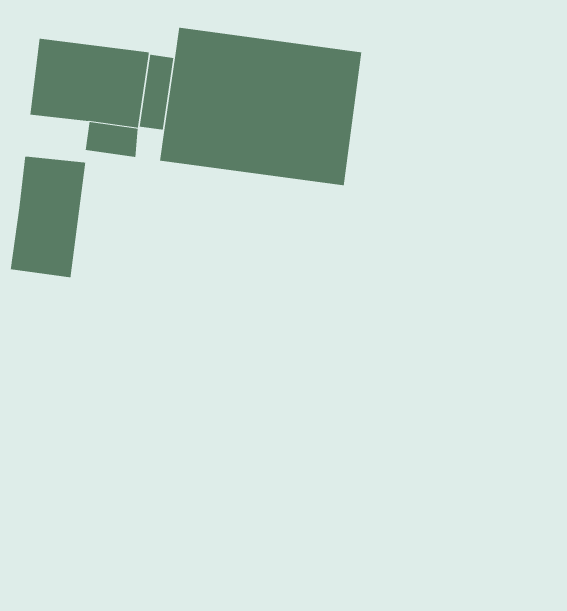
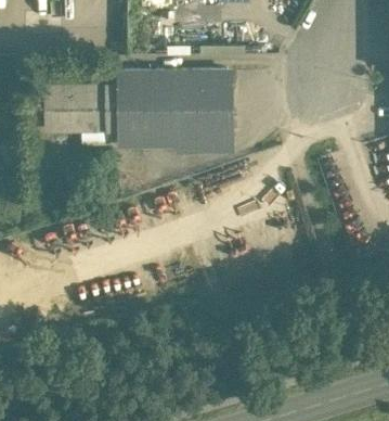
building: [10,156,86,278] -> none

